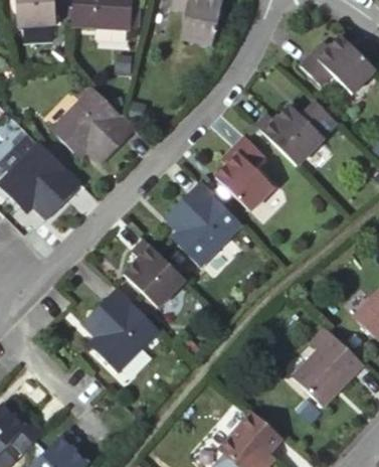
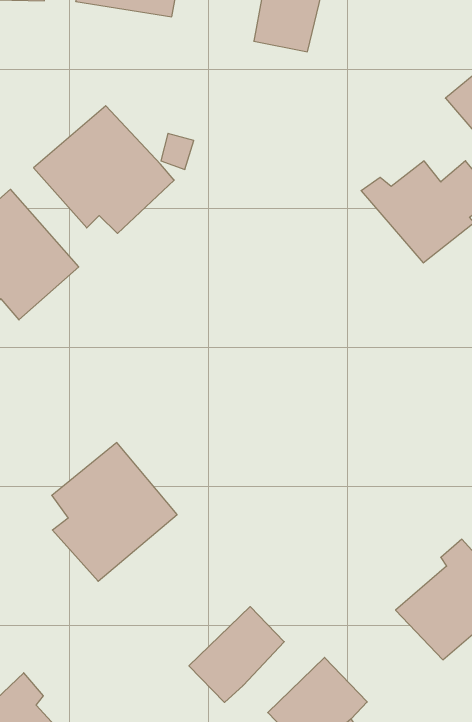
building: [211,141,268,216] -> none
building: [161,184,236,265] -> none
building: [124,240,183,304] -> none
building: none -> [189,607,284,702]

